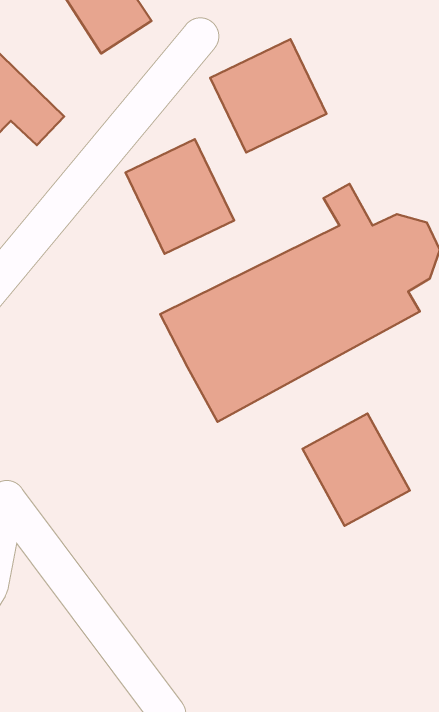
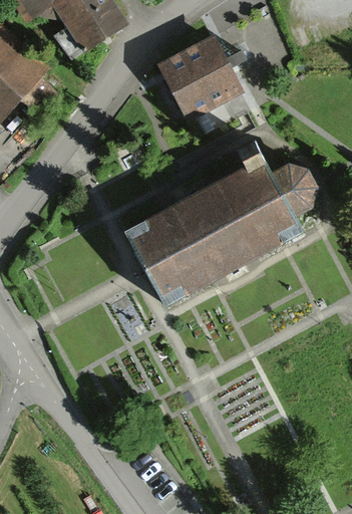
building: [125,139,234,254] -> none
building: [302,413,410,526] -> none

